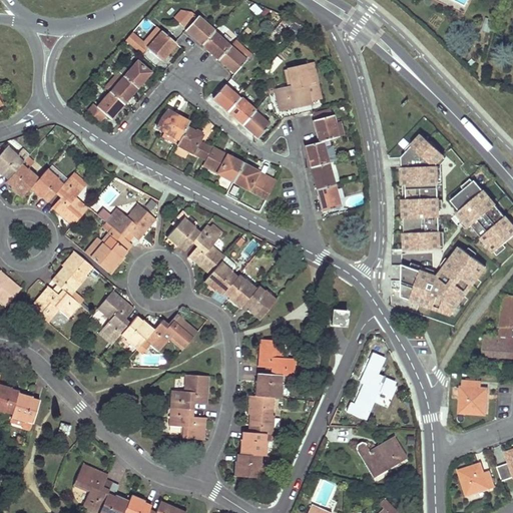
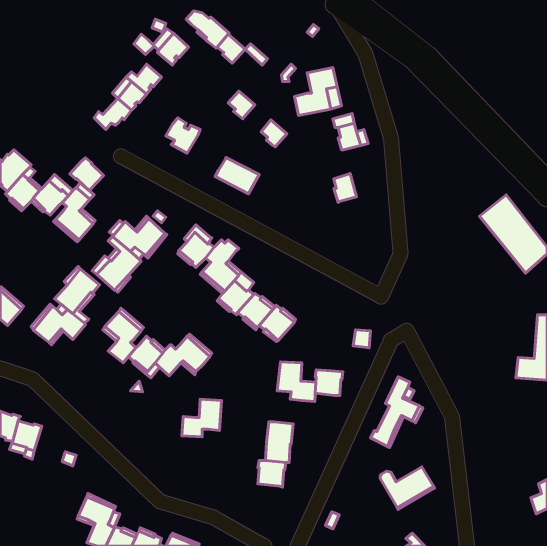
building: [217,46,245,74] -> none
building: [228,97,254,125] -> none
building: [175,126,211,159] -> none
building: [402,135,444,250] -> none
building: [307,140,328,167] -> none
building: none -> [70,158,103,191]
building: [232,163,276,198] -> none
building: [319,184,340,211] -> none
building: [399,256,486,316] -> none
building: [256,373,283,397] -> [315,370,343,395]
building: [460,379,486,413] -> none
building: [169,408,204,439] -> none
building: [236,453,262,478] -> none
building: [458,463,494,493] -> none

